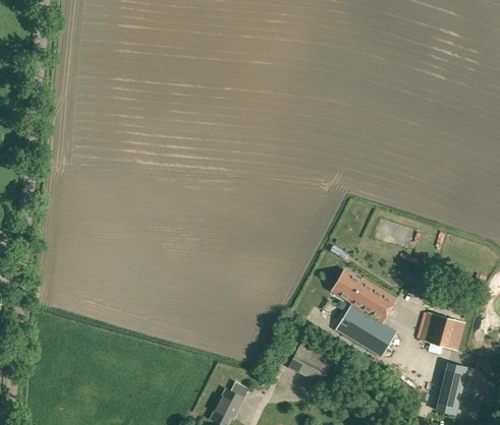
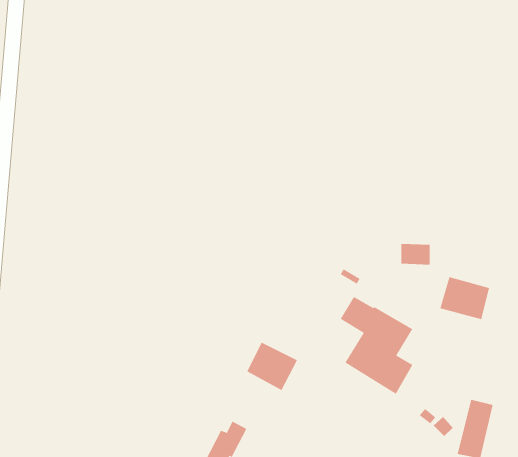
building: [419,312,463,351] -> [440,276,490,320]
building: [288,341,334,384] -> [246,342,298,391]

